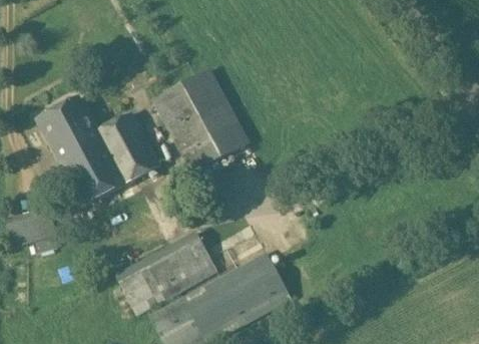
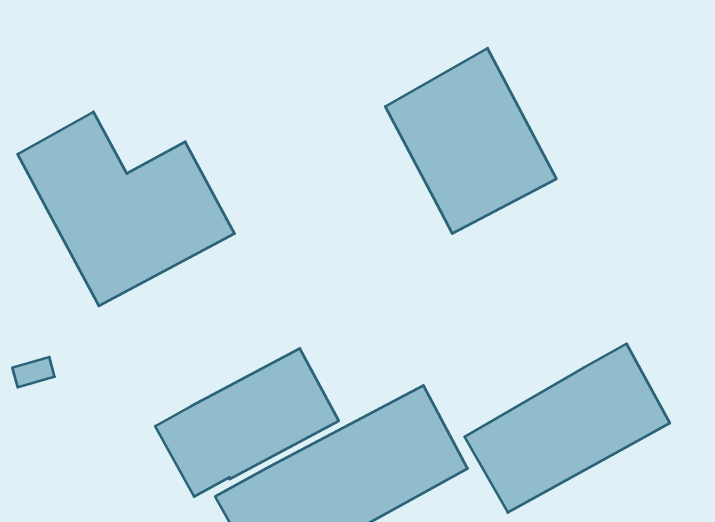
building: [151,67,249,173] -> [385,48,556,234]
building: none -> [465,344,670,513]

